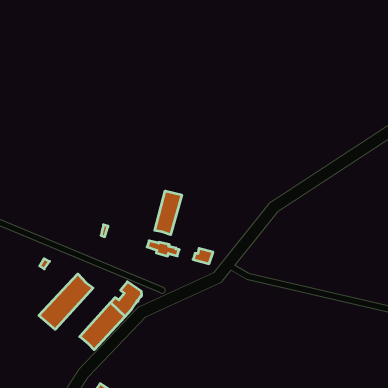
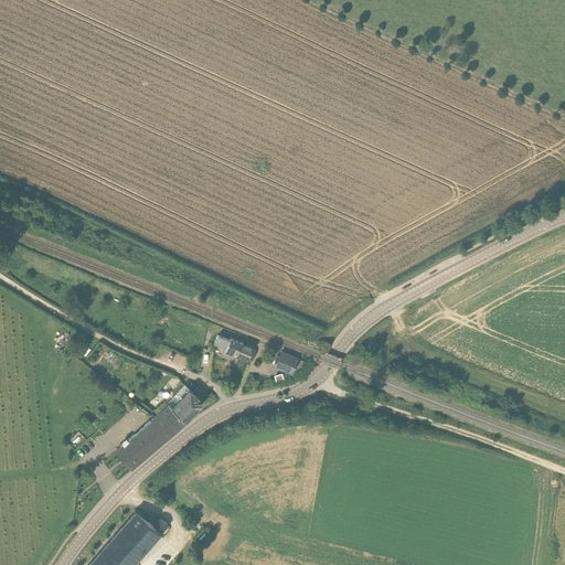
building: [155,191,182,235] -> none
building: [39,274,93,329] -> none

